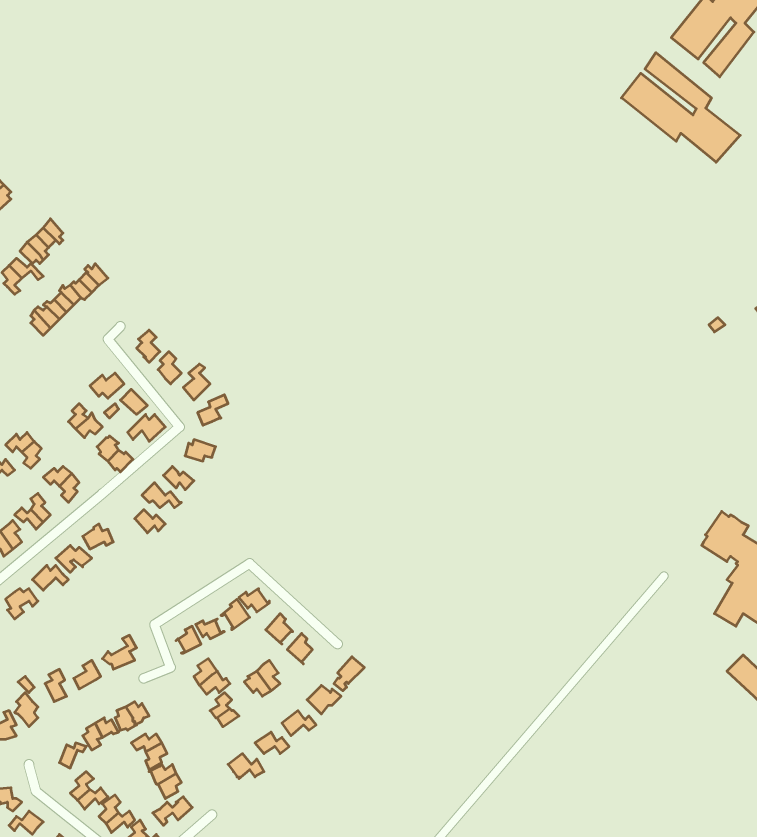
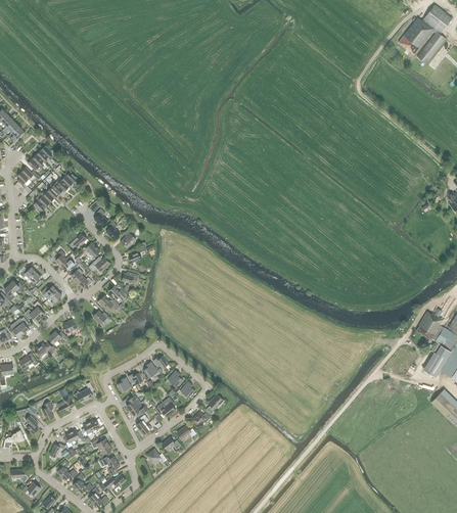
building: [621,53,740,162] -> none

